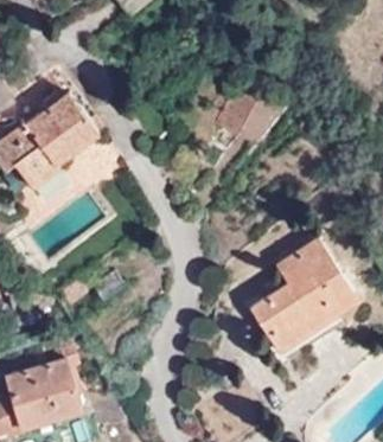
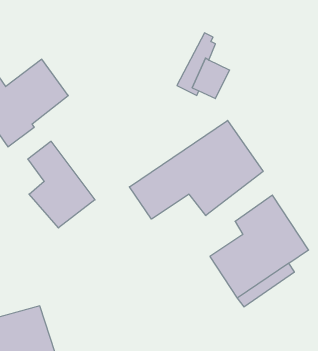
building: none -> [129,120,263,219]
building: none -> [28,141,95,228]

